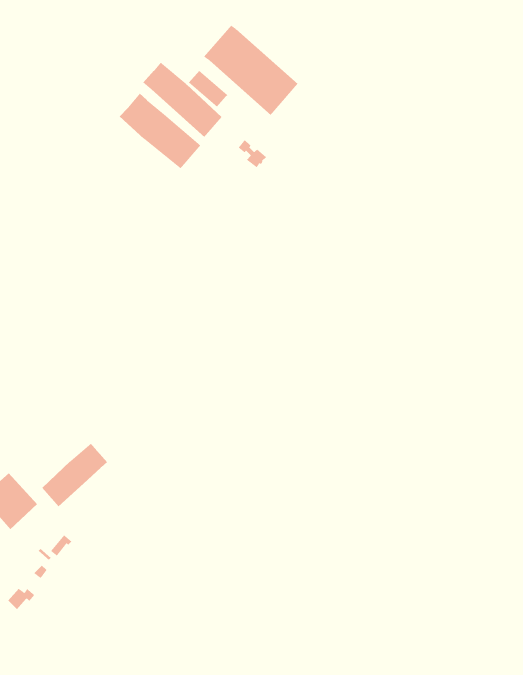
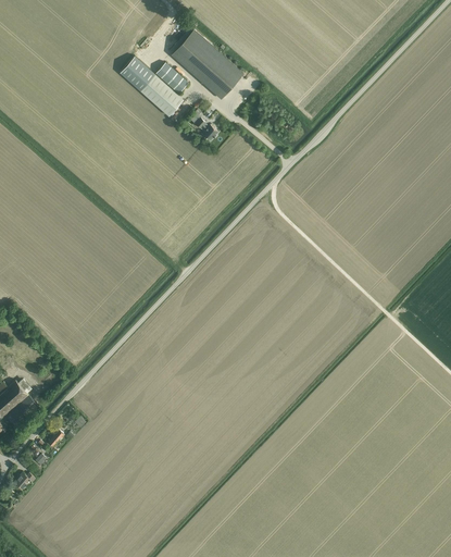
building: [119,93,201,169] -> none
building: [41,443,108,507] -> none

